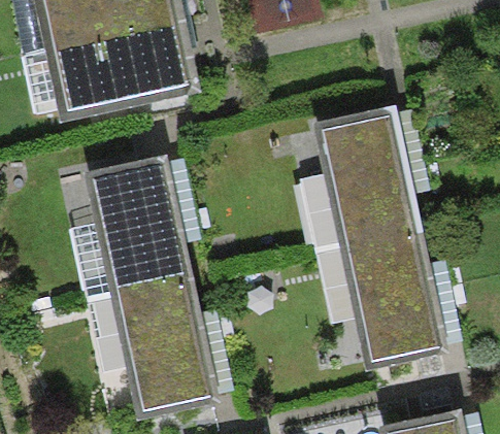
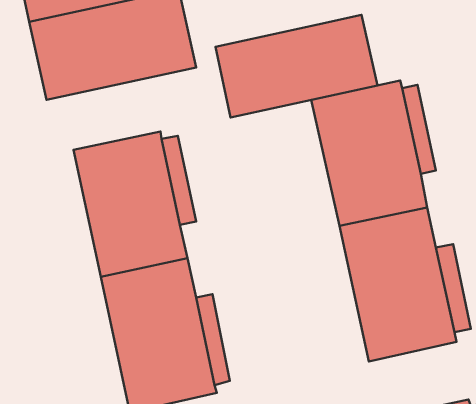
building: none -> [215,15,378,118]

